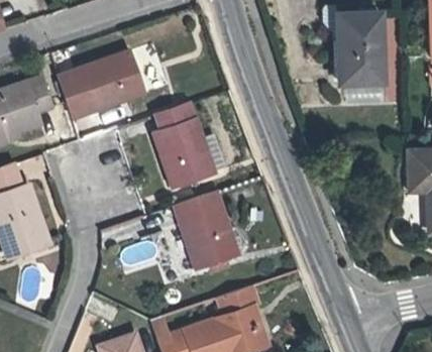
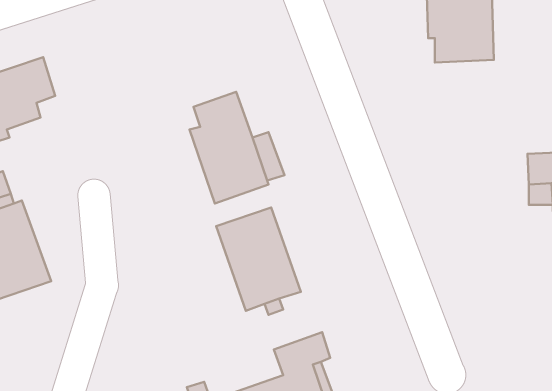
building: [58,52,143,117] -> none

